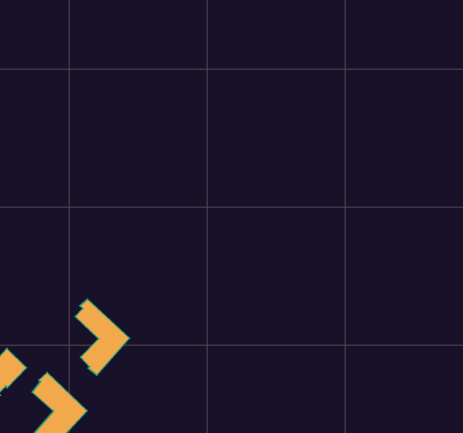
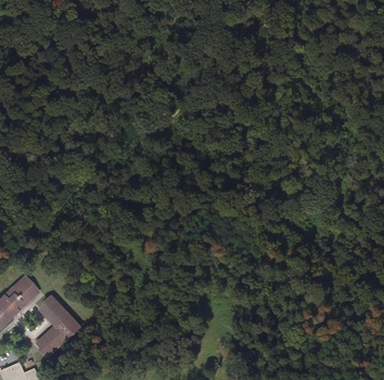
building: [75,299,130,375] -> none

